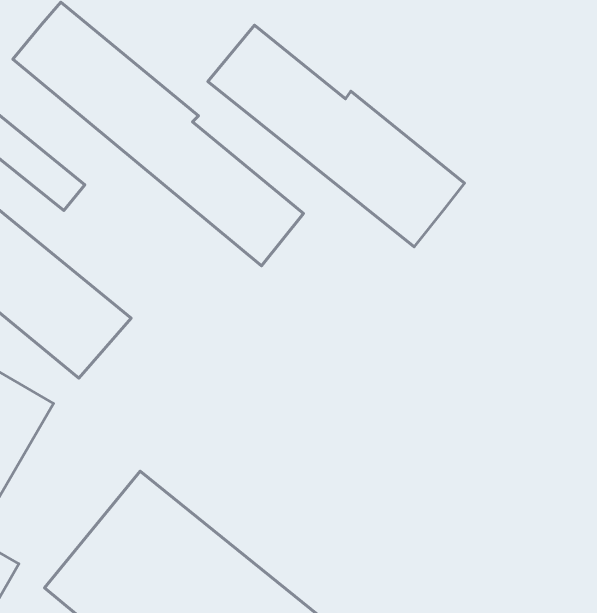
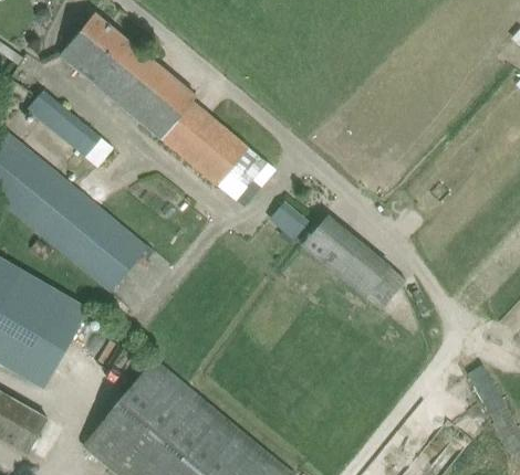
building: [208,25,465,247] -> none
building: none -> [269,200,304,236]
building: none -> [301,211,404,307]

